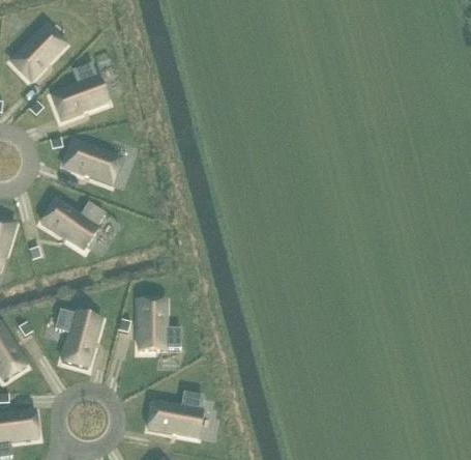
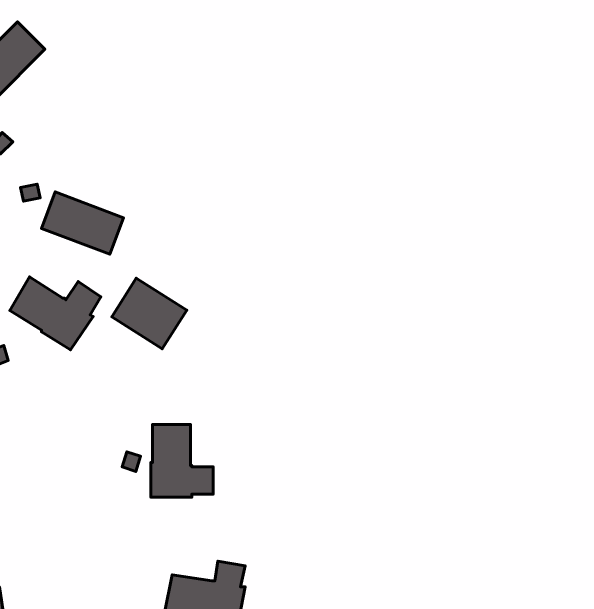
building: [51,64,108,120] -> none
building: none -> [112,278,187,349]
building: [55,311,100,368] -> none

